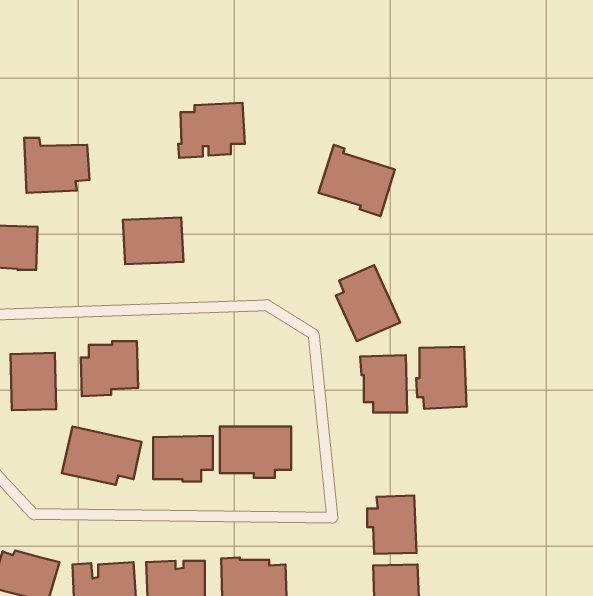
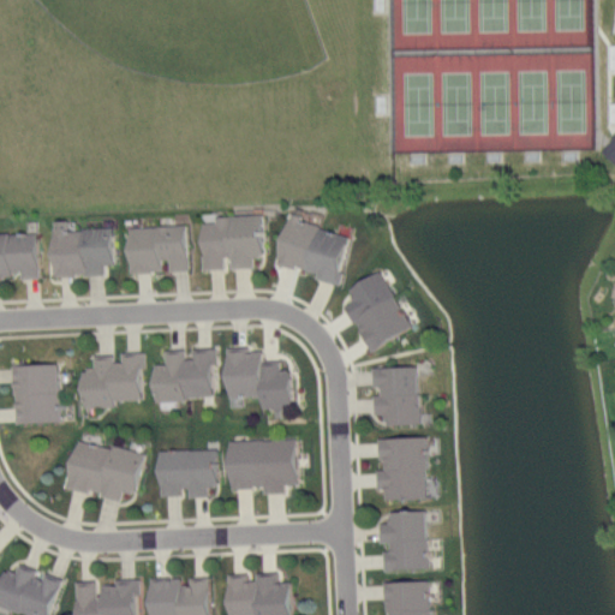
building: [178,103,245,158] -> [197,214,265,270]
building: [24,138,90,193] -> [49,221,117,277]
building: [319,145,395,216] -> [274,213,352,286]
building: none -> [223,347,293,410]
building: none -> [154,348,213,400]
building: [416,347,466,409] -> [375,437,426,501]

